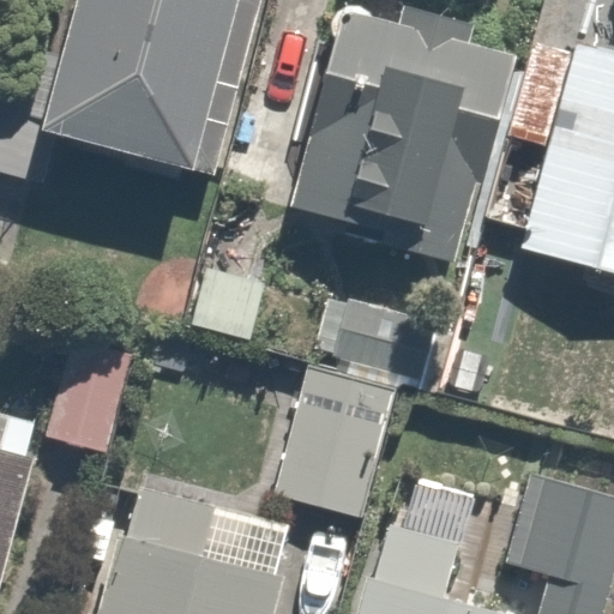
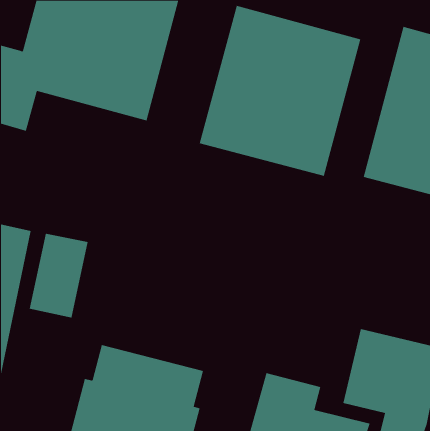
building: [276,345,414,518] -> none

